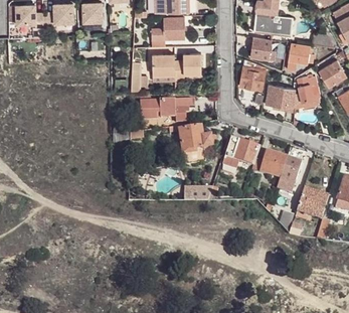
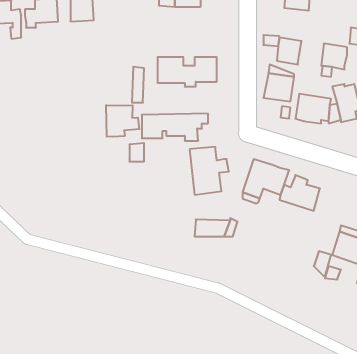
building: [253,12,293,34] -> none
building: [151,16,184,37] -> none
building: none -> [106,105,139,137]
building: [278,156,301,193] -> none

